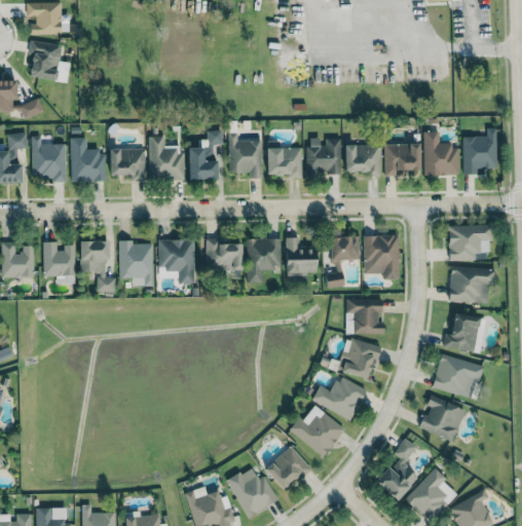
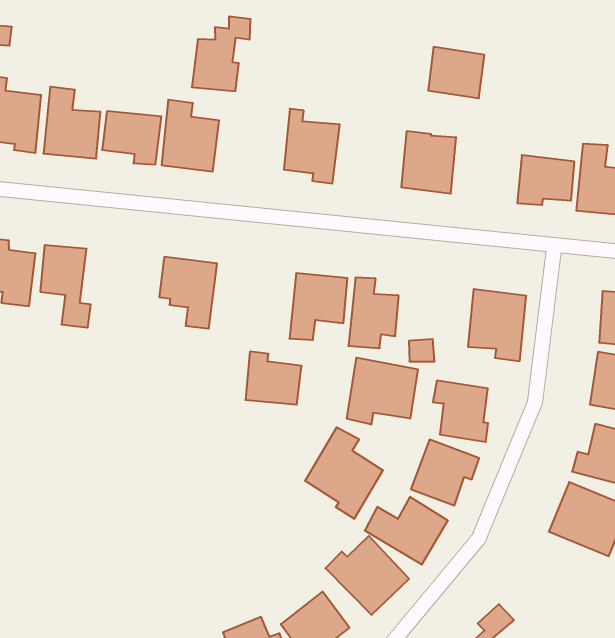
building: [189,130,223,180] -> [192,16,251,91]
building: [346,144,380,174] -> [428,47,484,98]
building: [267,147,302,178] -> none
building: [330,236,361,261] -> none
building: [207,238,241,270] -> [245,352,302,405]
building: [120,241,154,286] -> none
building: none -> [347,358,418,425]
building: none -> [305,427,383,519]
building: [420,394,467,441] -> none

